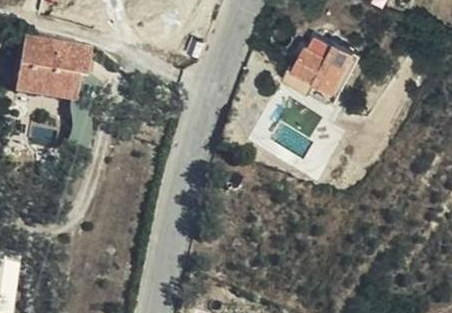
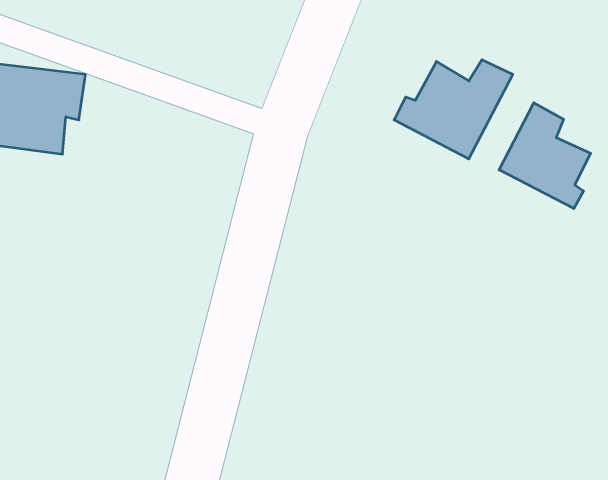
building: none -> [499,103,591,209]

